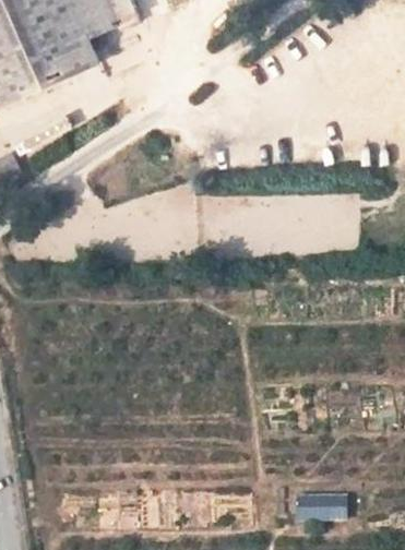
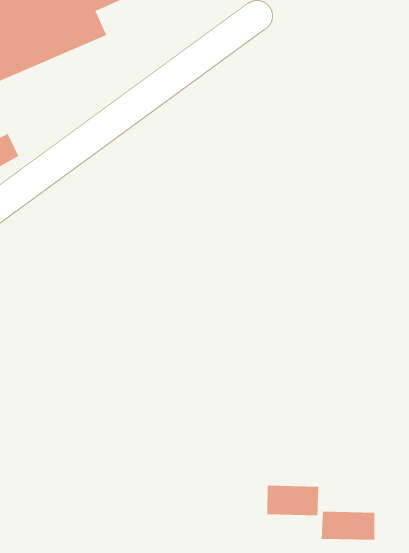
building: none -> [267,485,319,516]

